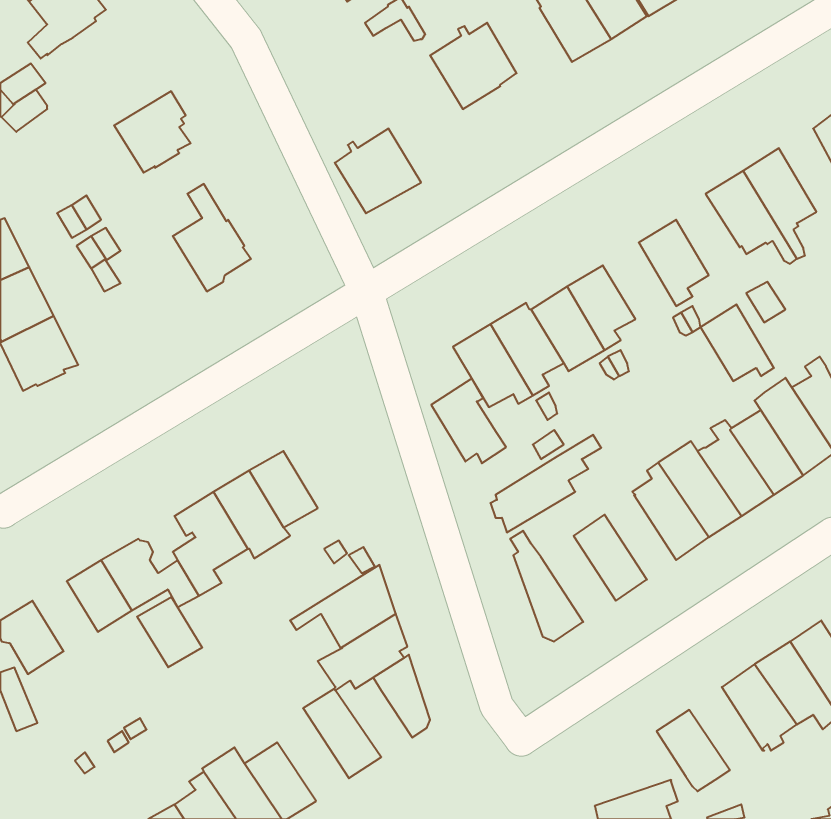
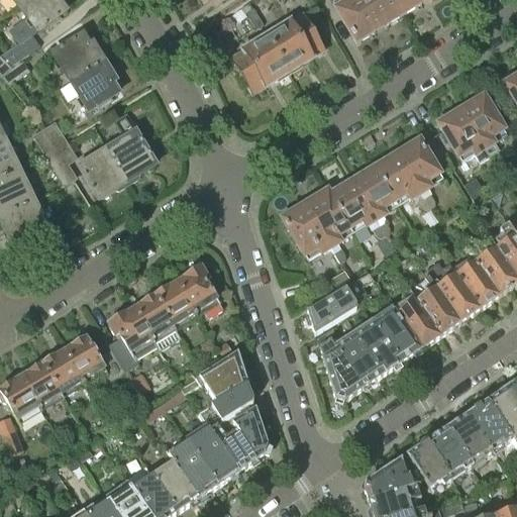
building: none -> [55,31,107,78]
building: [335,129,421,213] -> [234,34,288,87]
building: none -> [80,146,129,196]
building: [701,304,774,381] -> [375,150,420,198]
building: [431,379,506,463] -> [177,264,223,316]
building: none -> [376,307,420,359]
building: none -> [336,332,383,386]
building: [137,597,202,667] -> [21,360,62,404]
building: none -> [209,422,256,470]
building: none -> [428,426,474,478]
building: none -> [169,439,217,497]
building: none -> [366,453,426,500]

